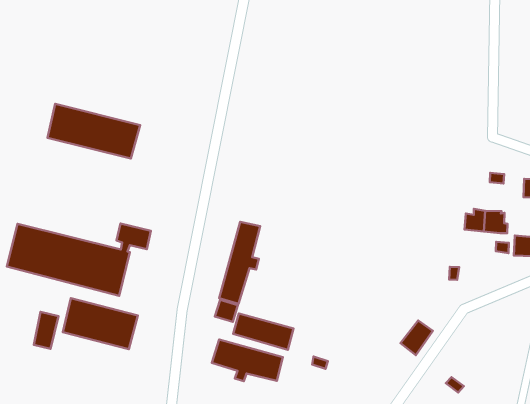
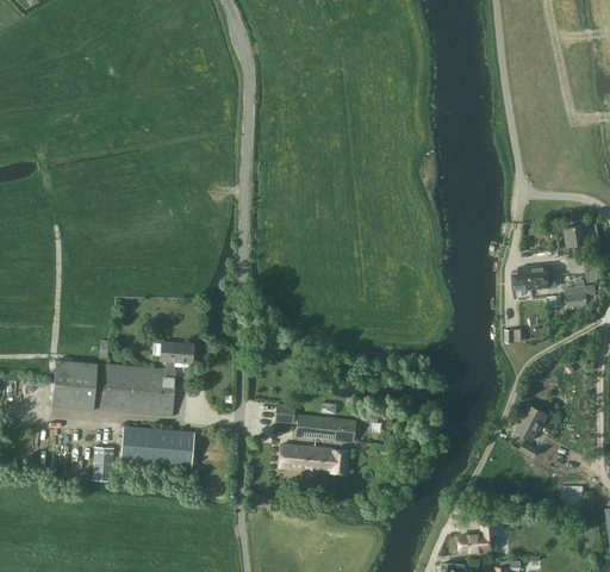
building: [47,104,140,158] -> none
building: [219,222,260,304] -> none
building: [400,320,433,355] -> [515,405,546,441]

